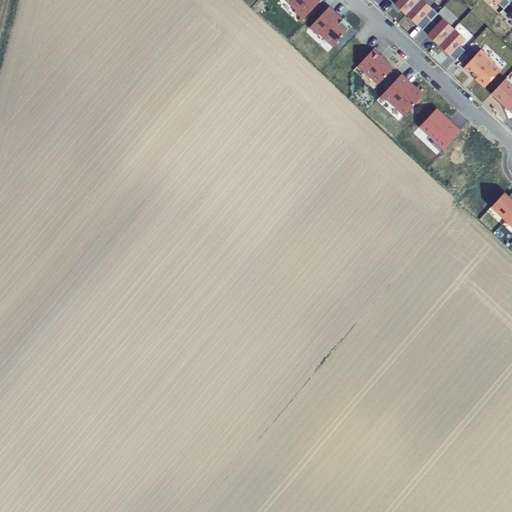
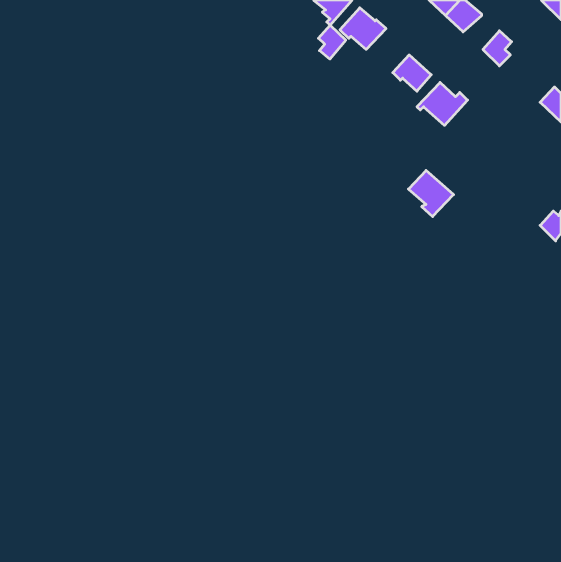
building: [421,14,454,45] -> none
building: none -> [318,25,346,59]
building: [464,50,501,87] -> none
building: [419,110,460,152] -> [408,170,454,217]

